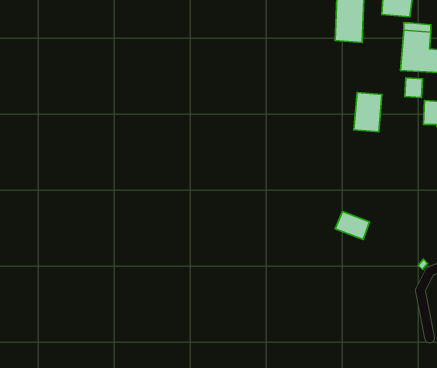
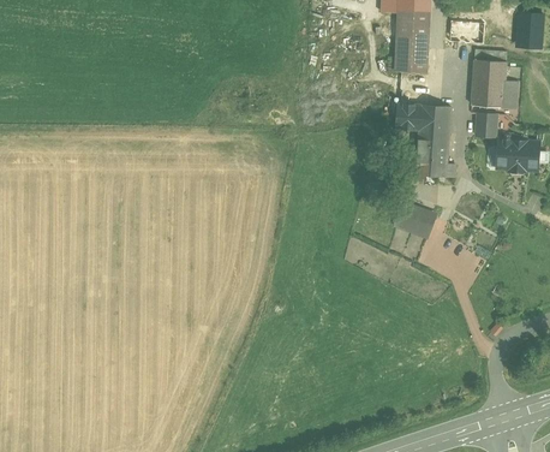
building: none -> [397,103,452,132]
building: [335,211,370,239] -> [394,204,434,237]

